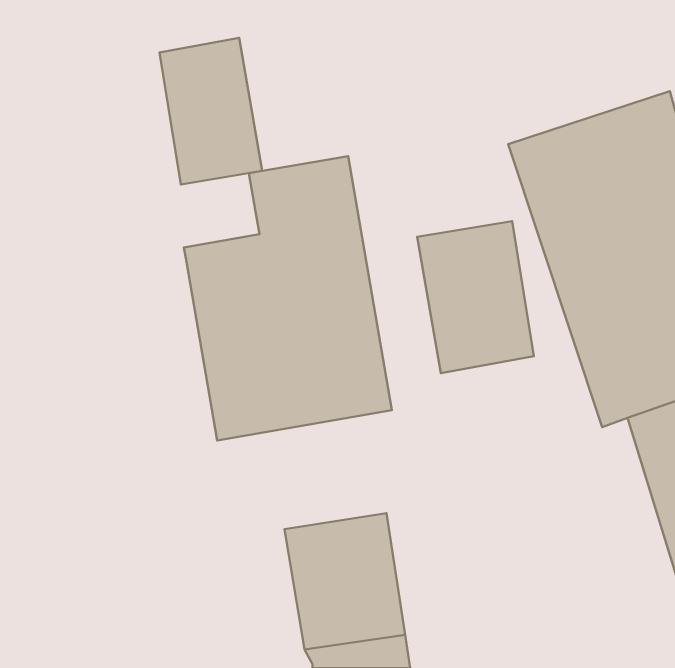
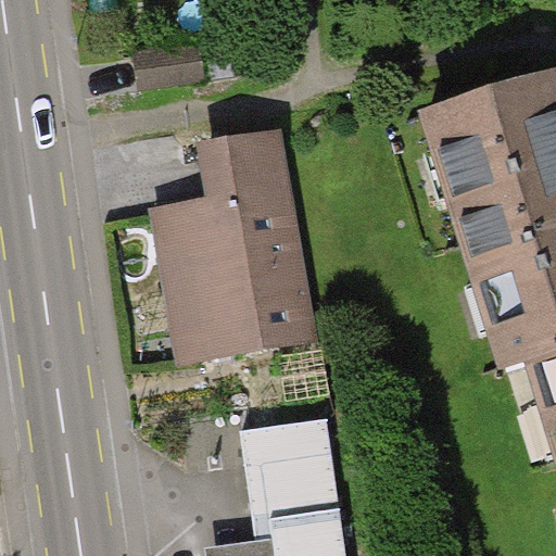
building: [159,38,262,185] -> none
building: [417,221,534,373] -> none

